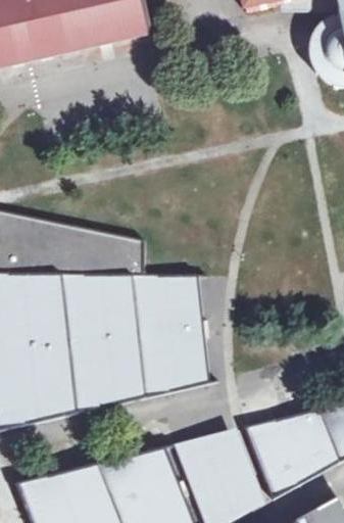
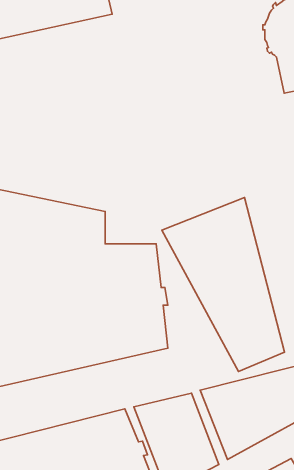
building: none -> [162,197,285,371]

